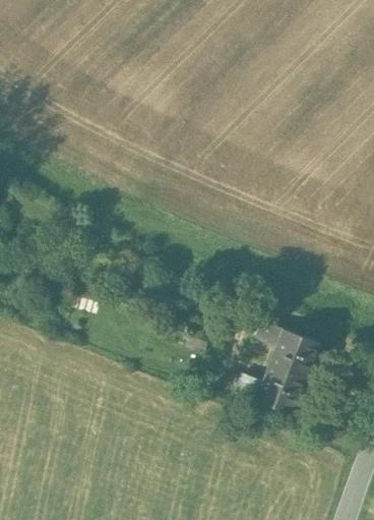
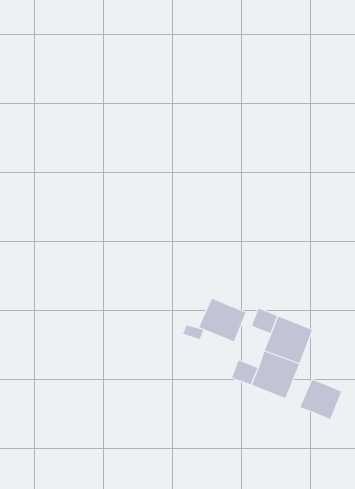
building: none -> [198,298,246,342]
building: none -> [300,379,342,420]

